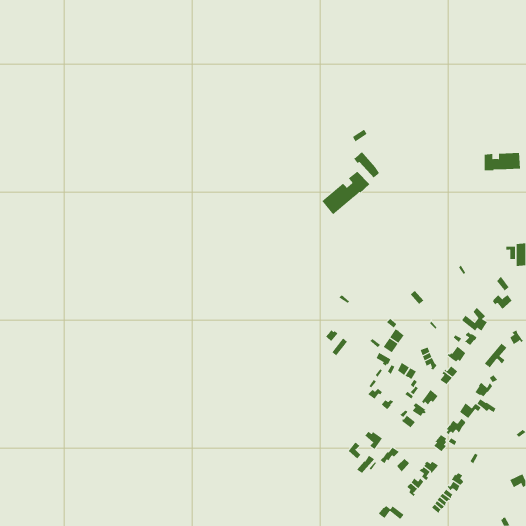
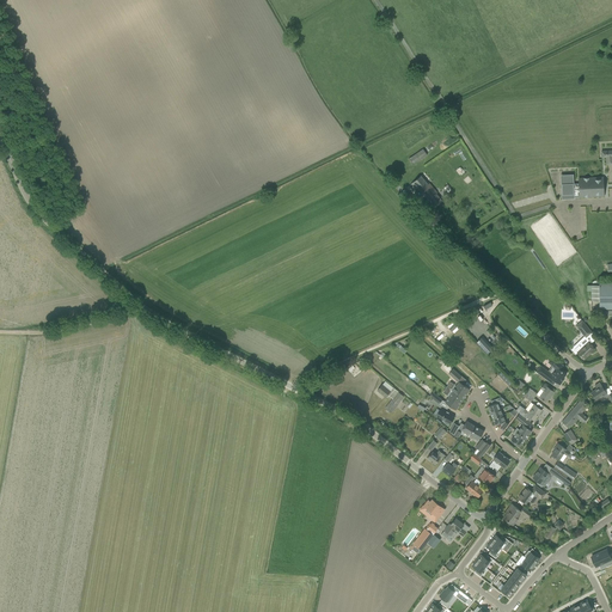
building: [321,171,370,215] -> none

